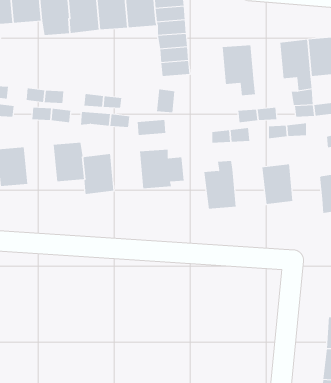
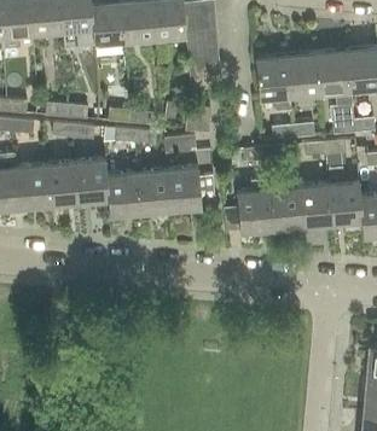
building: none -> [286,53,320,95]
building: none -> [45,162,79,204]
building: none -> [137,169,170,211]
building: none -> [327,180,361,222]
building: none -> [267,186,302,228]

